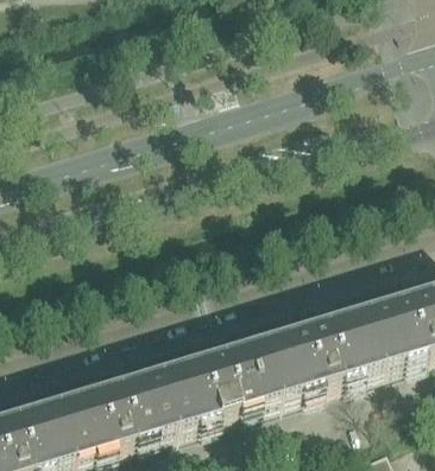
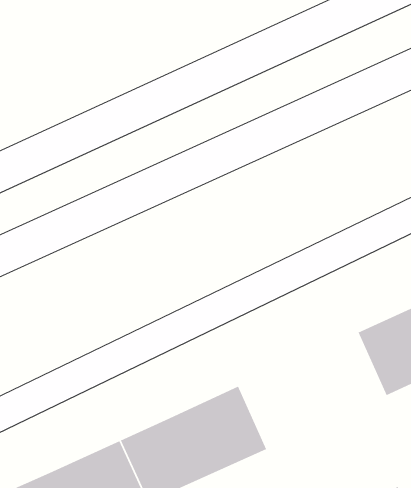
building: [244,316,364,402] -> none

